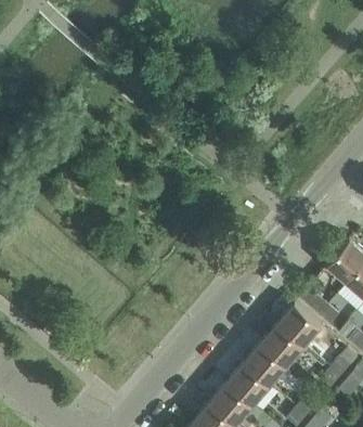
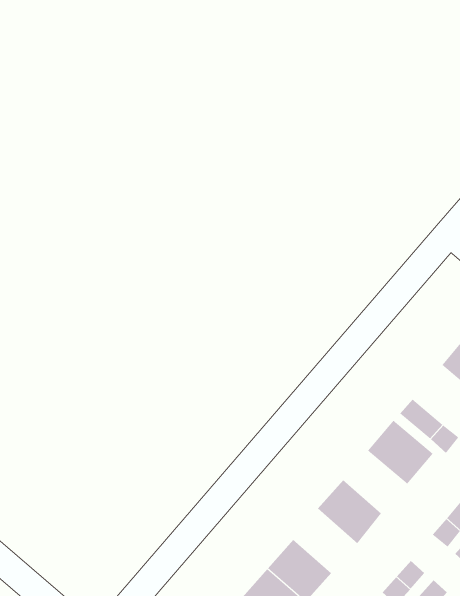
building: [259,325,302,367] -> none
building: [225,364,269,407] -> none

